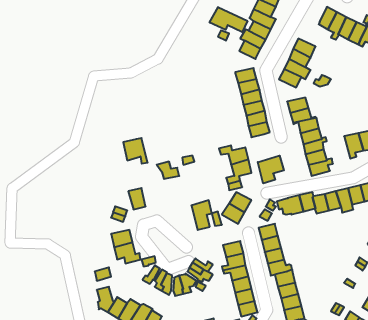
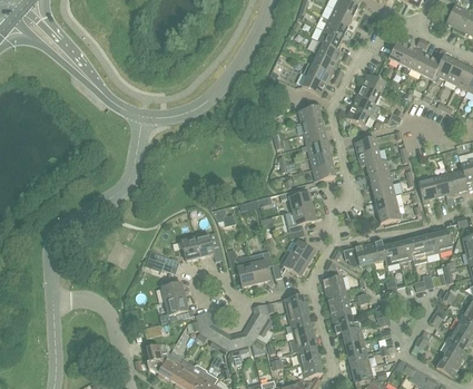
building: [210,7,247,32] -> none
building: [123,138,148,164] -> [195,232,221,260]
building: [258,156,284,183] -> none
building: none -> [227,249,256,285]

